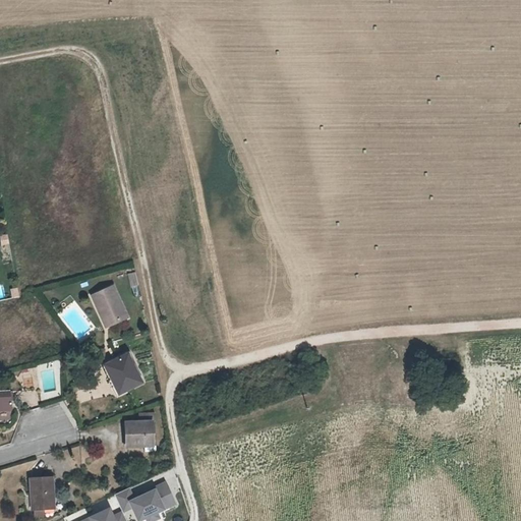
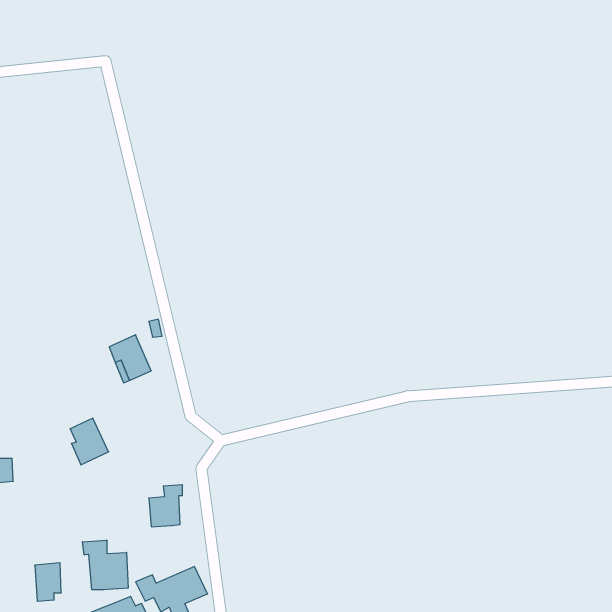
building: [108,354,140,394] -> [70,418,109,465]
building: none -> [83,540,128,590]

